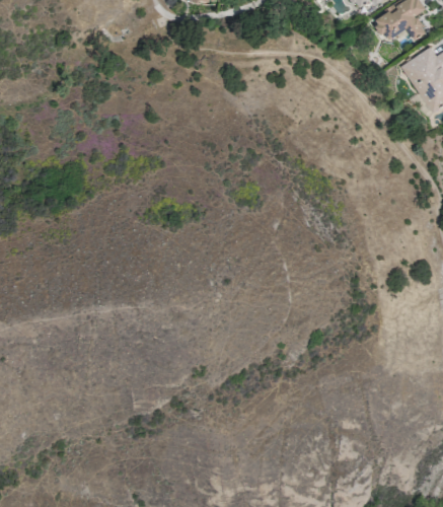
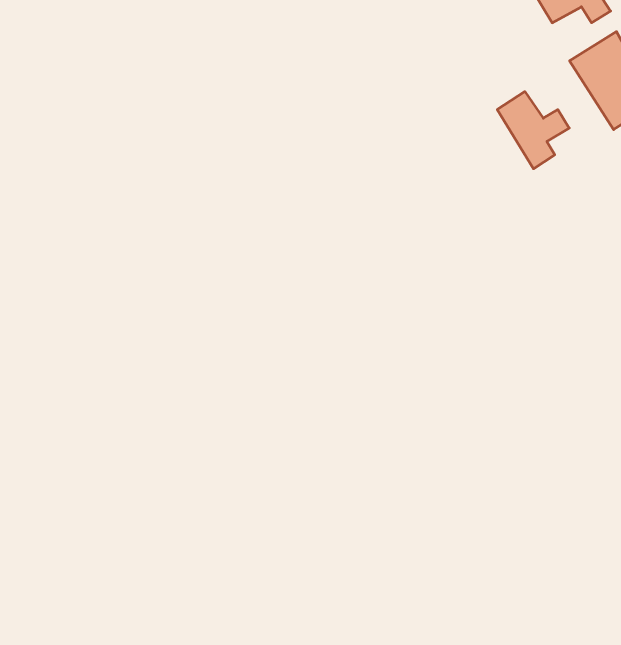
building: none -> [497,92,569,169]

